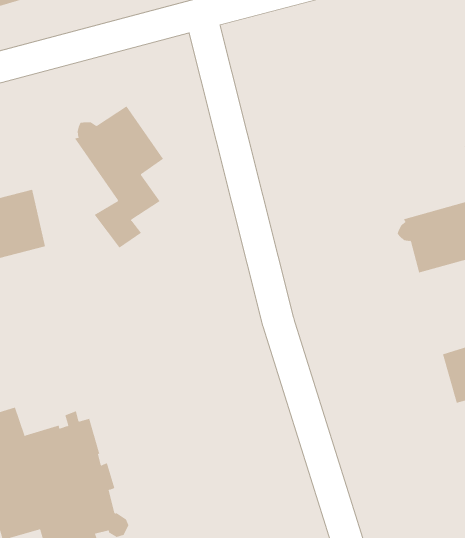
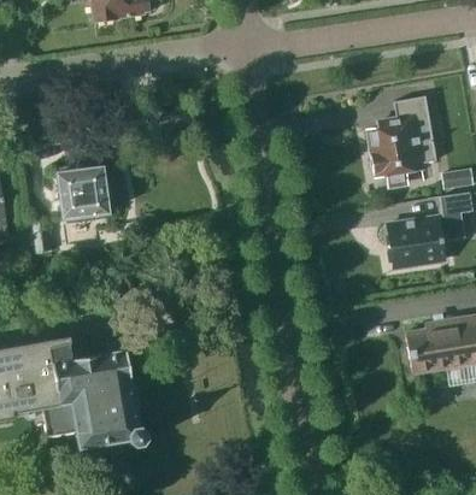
building: none -> [368,95,435,185]
building: [74,105,164,249] -> none

